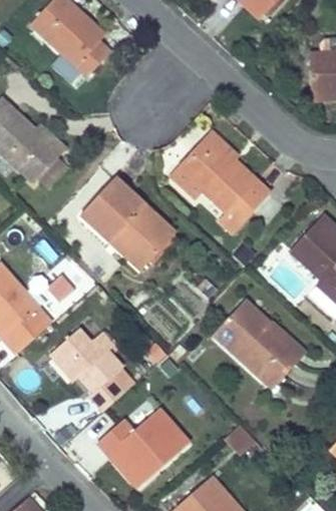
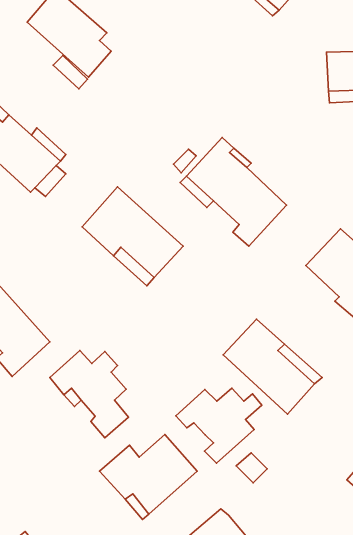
building: none -> [176,388,262,463]

